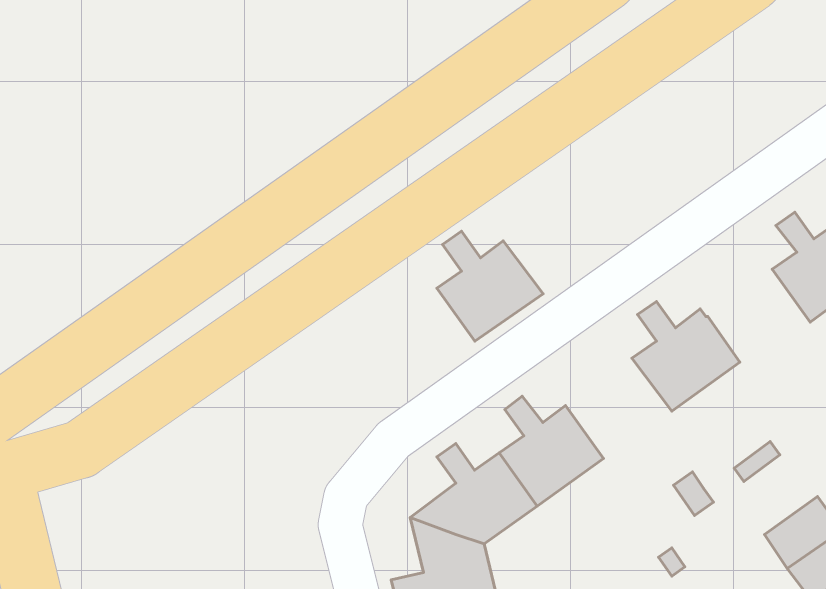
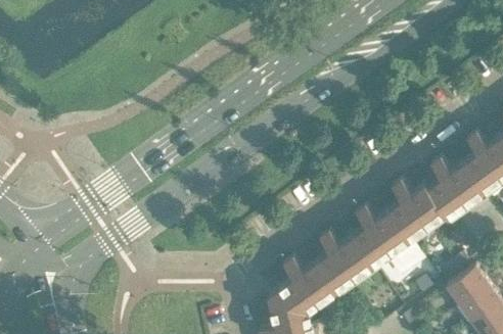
building: [437,231,543,341] -> [351,203,408,263]
building: none -> [428,155,483,209]
building: none -> [444,265,487,303]

